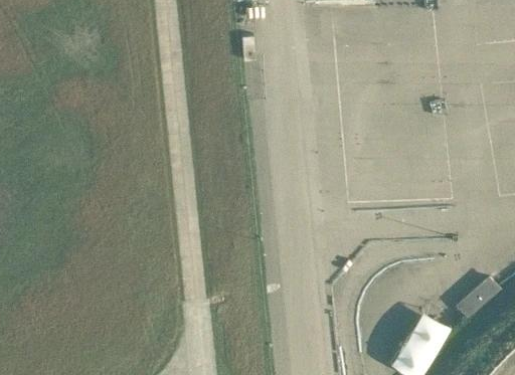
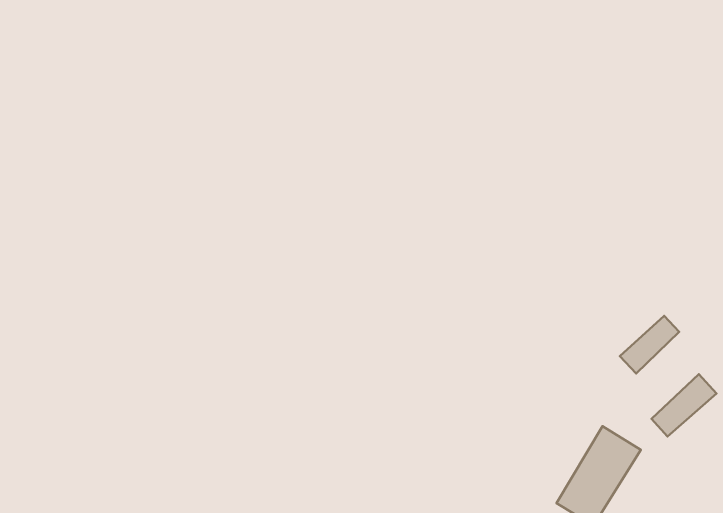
building: none -> [620,316,679,373]

